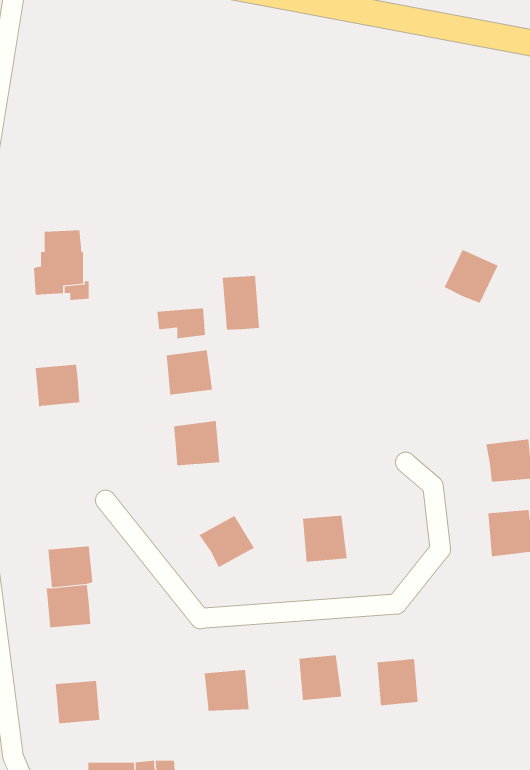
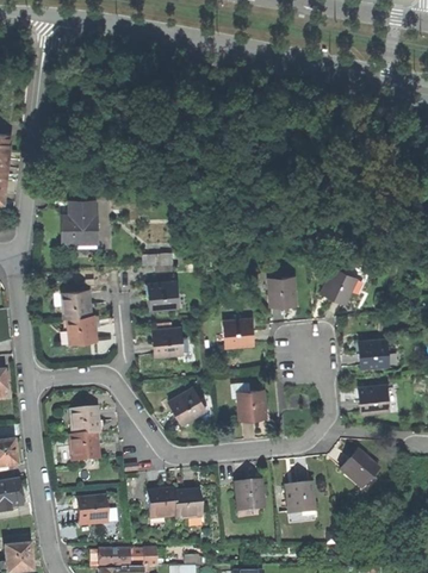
building: [444,249,498,304] -> [322,266,358,301]
building: [222,275,259,331] -> none
building: none -> [269,278,297,306]
building: none -> [68,313,98,342]
building: none -> [225,316,254,344]
building: none -> [341,448,379,486]
building: none -> [149,488,176,516]

